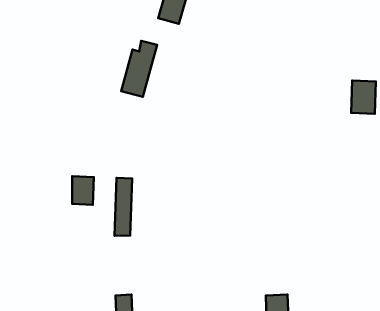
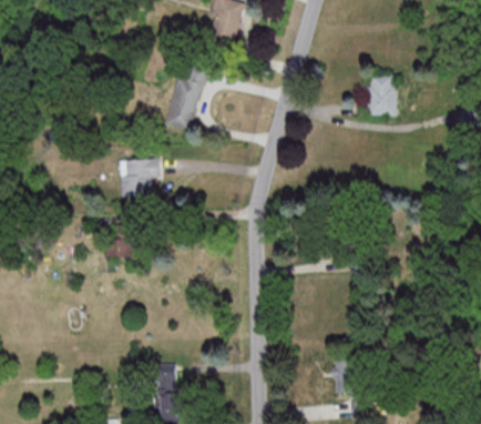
building: [351,81,376,114] -> [367,75,396,114]
building: none -> [120,158,160,198]
building: [114,178,132,236] -> none

